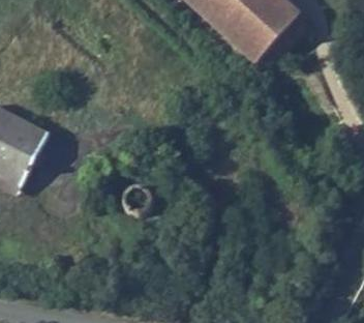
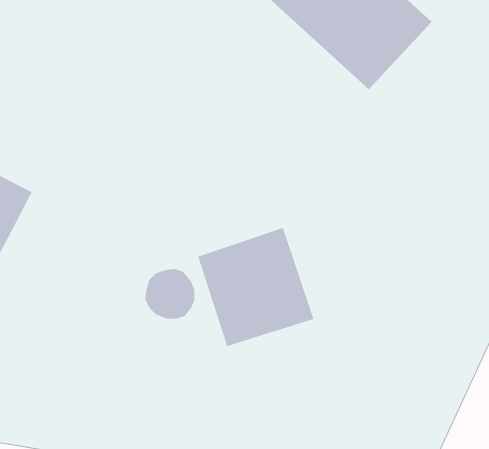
building: none -> [198,227,314,347]

